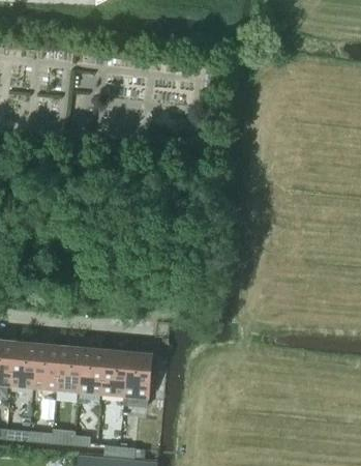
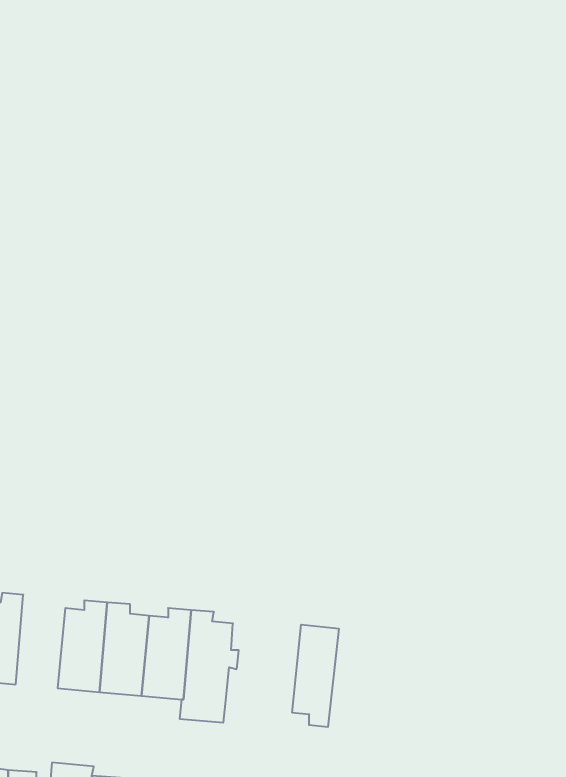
building: [33,339,60,389] -> none
building: none -> [292,625,339,727]

